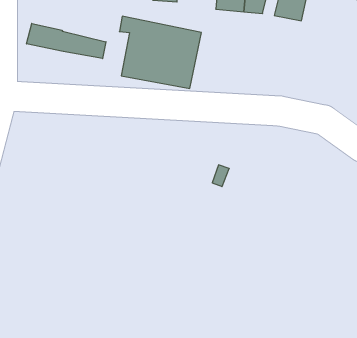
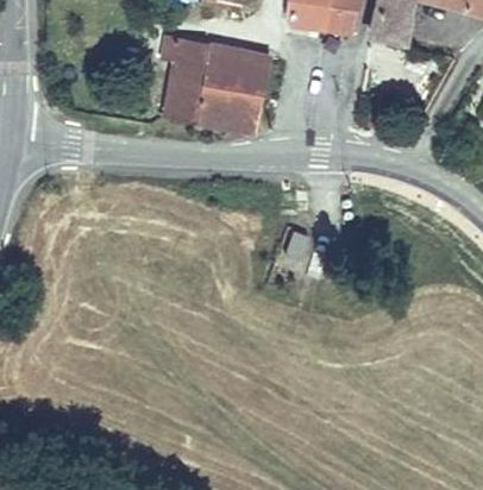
building: [27,23,106,59] -> none

